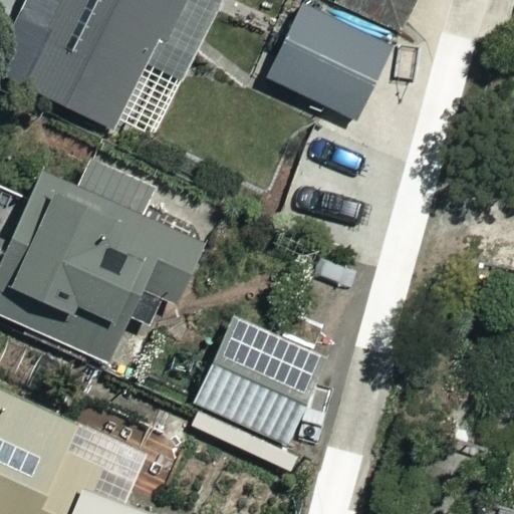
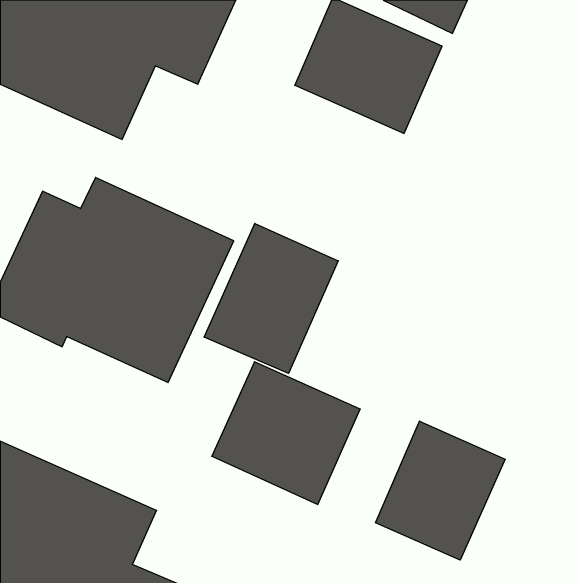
building: none -> [204,223,338,373]
building: none -> [375,421,505,560]

